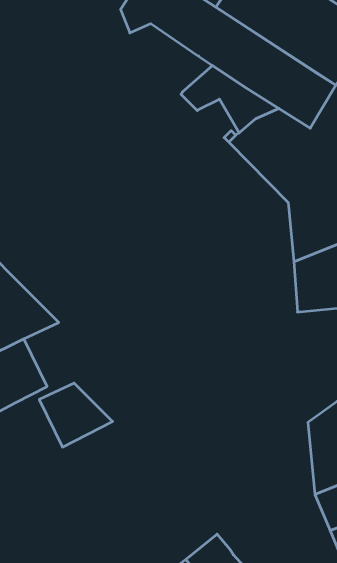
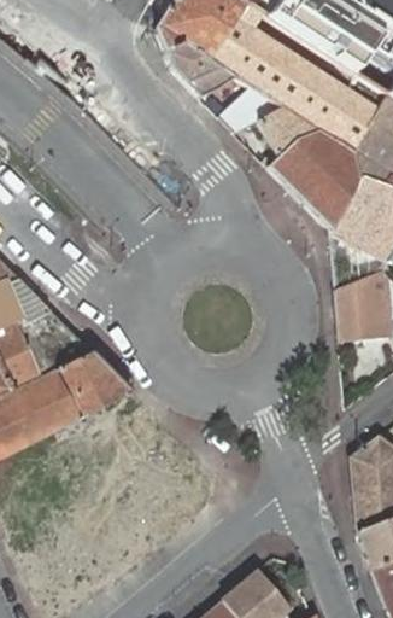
building: none -> [165,41,236,95]
building: [39,383,113,447] -> [55,351,131,418]

